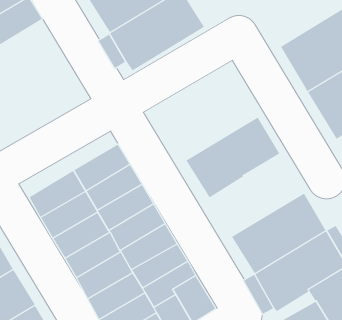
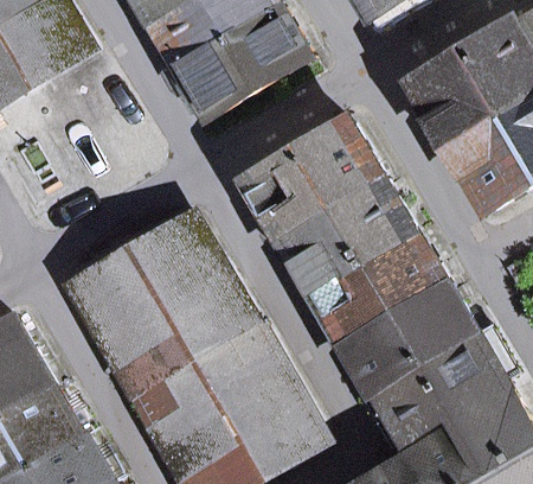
building: none -> [249,114,380,229]
building: none -> [314,219,443,332]

